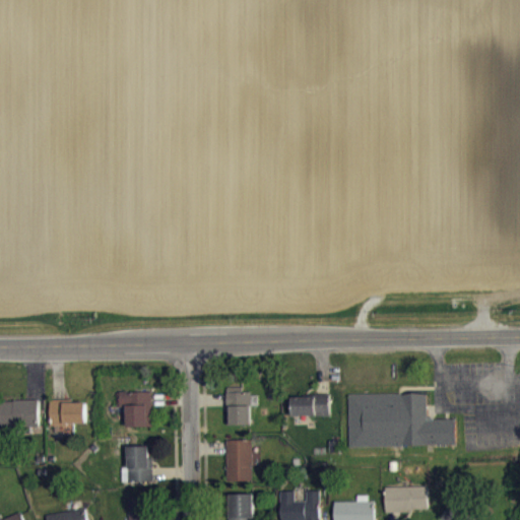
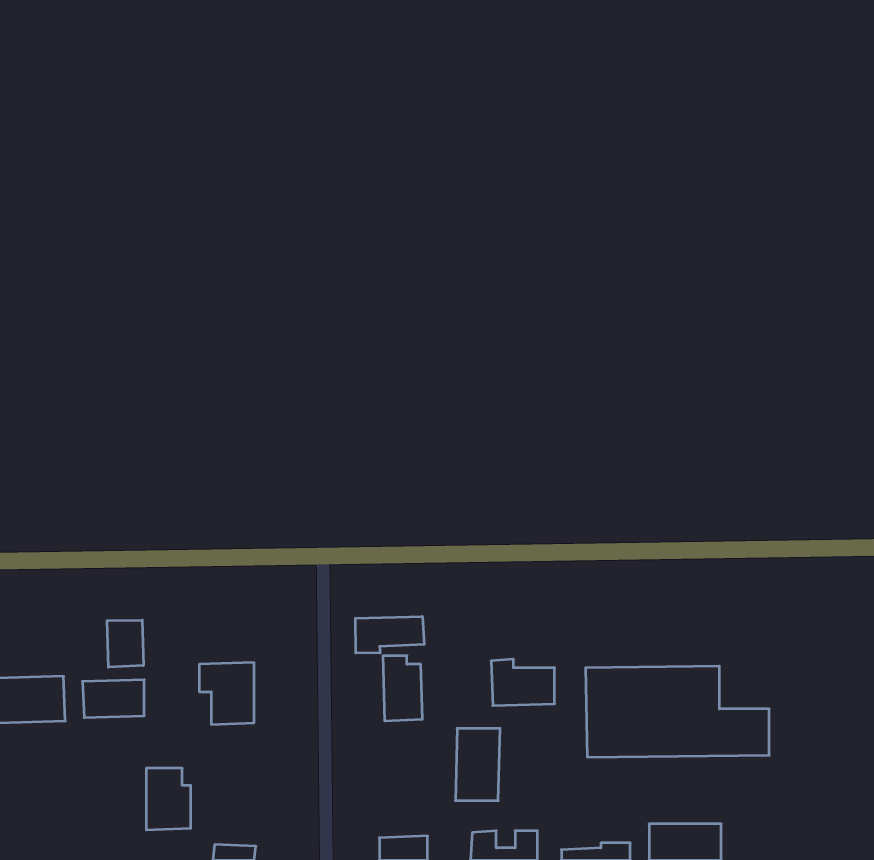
building: none -> [355,616,424,653]
building: none -> [107,620,143,667]
building: [224,441,251,483] -> [455,728,500,801]
building: [126,447,152,483] -> [146,768,191,830]

